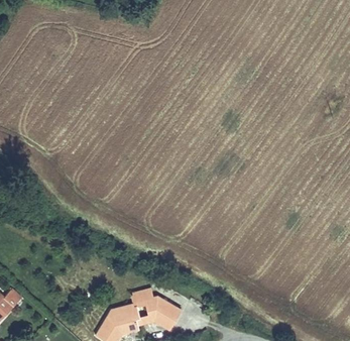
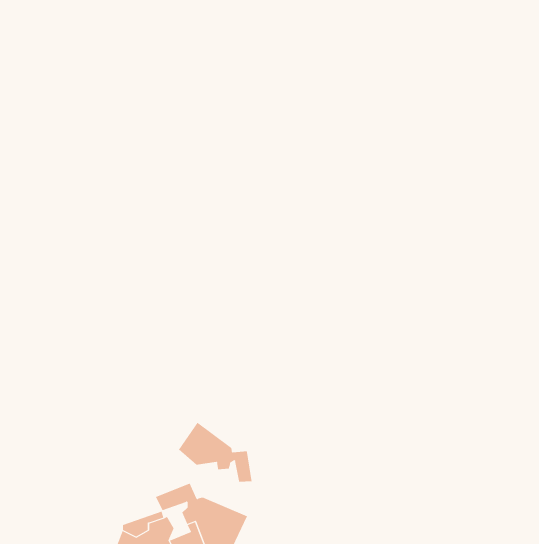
building: none -> [178,422,252,483]

